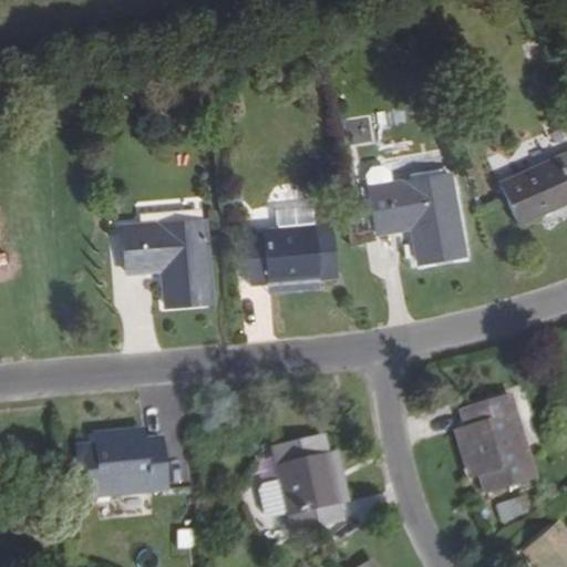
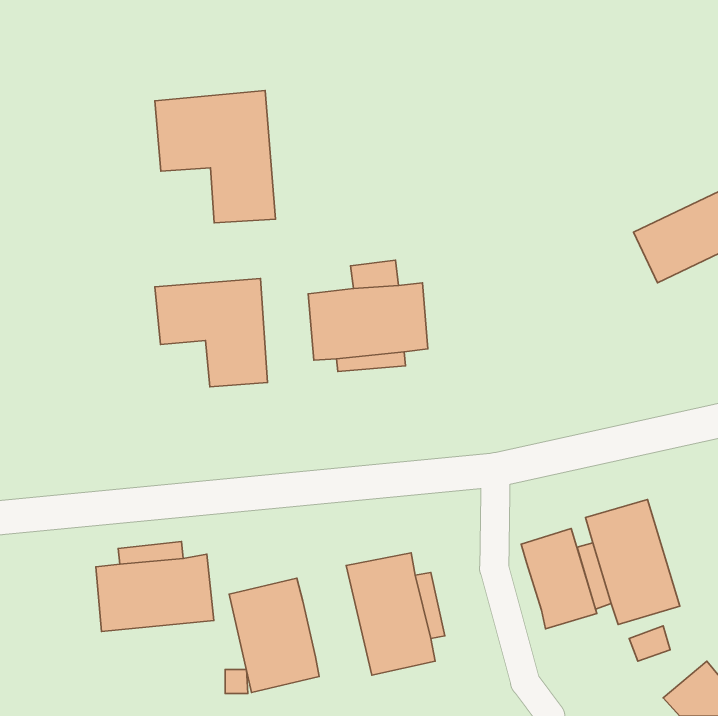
building: none -> [155,90,276,223]
building: [370,173,465,261] -> none
building: none -> [521,528,597,629]
building: none -> [229,578,319,692]

